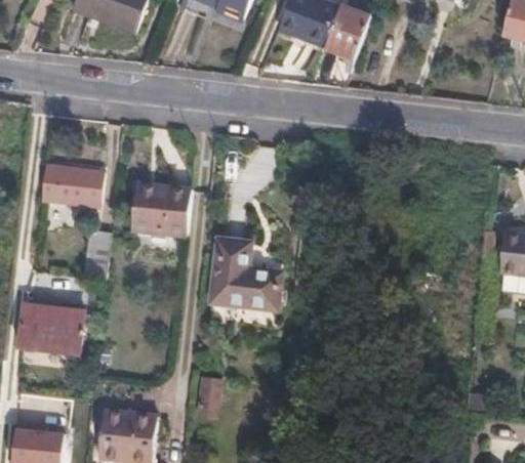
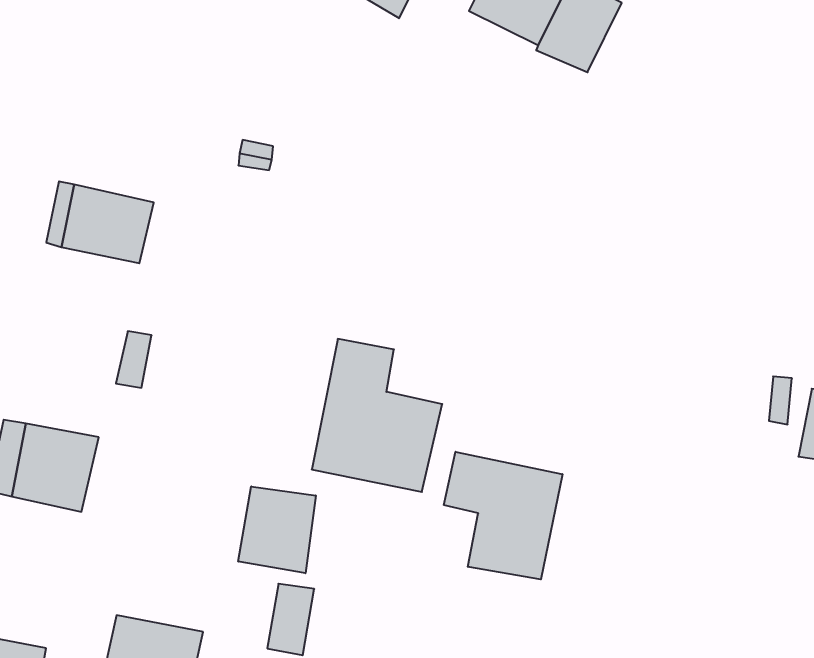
building: [130,180,191,230] -> none
building: none -> [444,452,562,579]
building: none -> [238,486,316,573]

